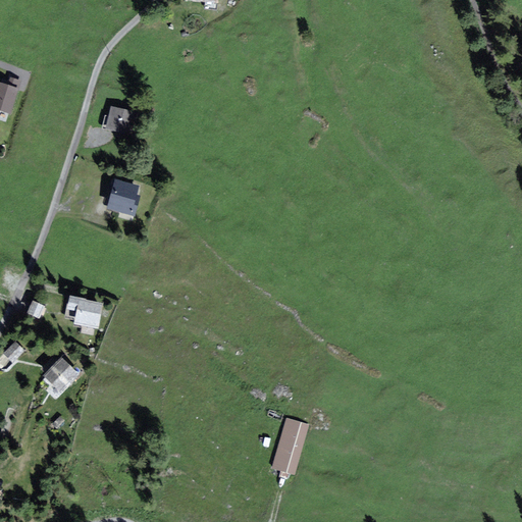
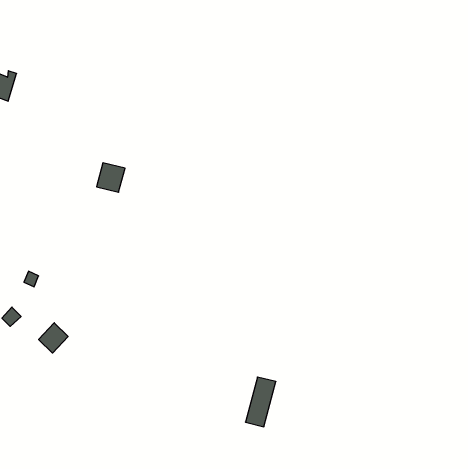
building: [106,107,133,133] -> none
building: [66,297,100,327] -> none

